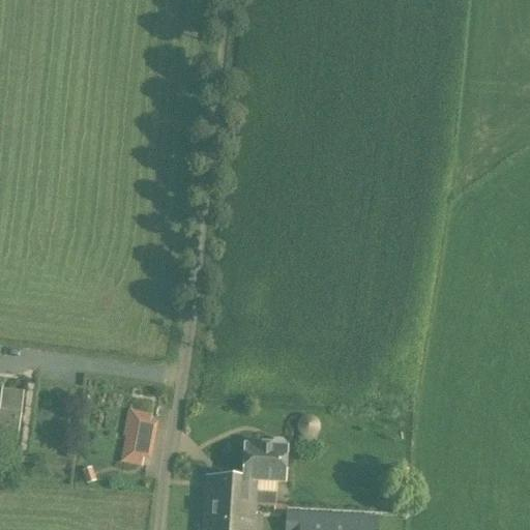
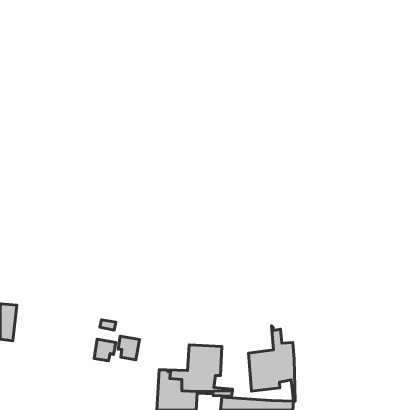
building: none -> [248,326,295,401]
building: none -> [118,336,140,360]

